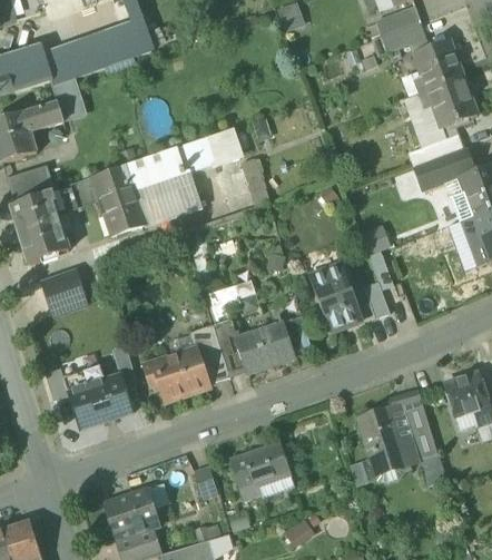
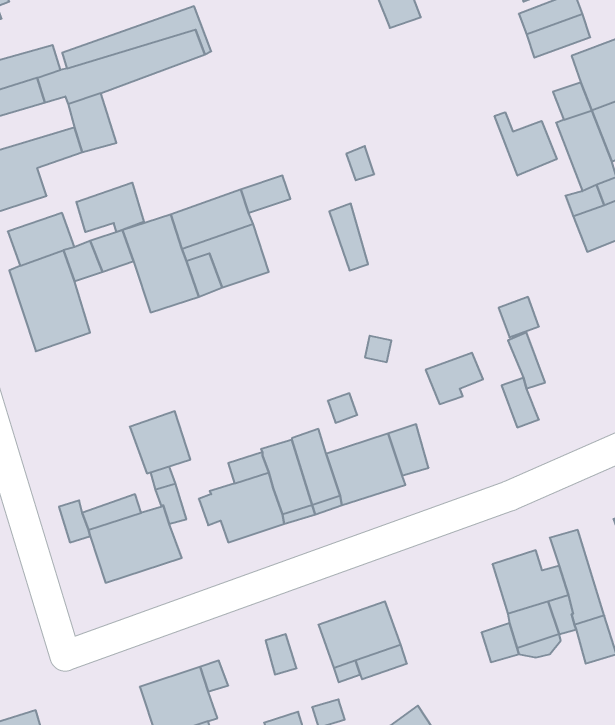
building: none -> [495,112,557,176]
building: [181,127,244,171] -> none
building: none -> [76,183,144,232]
building: [41,268,85,313] -> [130,411,190,473]
building: [318,283,362,331] -> none

